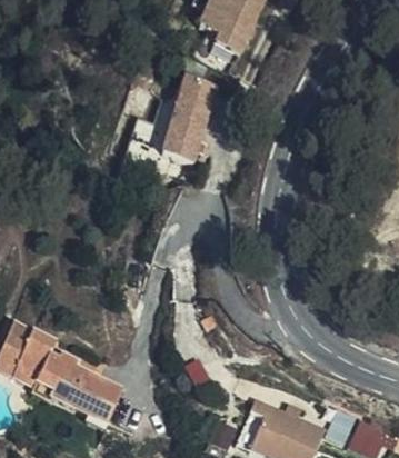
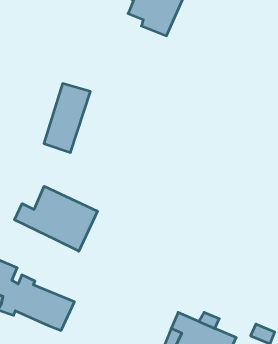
building: [162,74,220,160] -> [44,84,90,152]
building: none -> [15,186,97,251]

